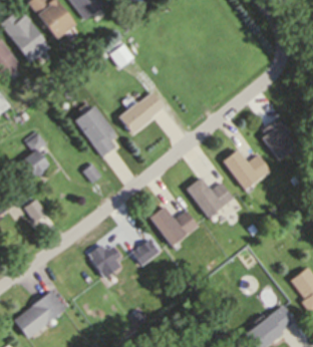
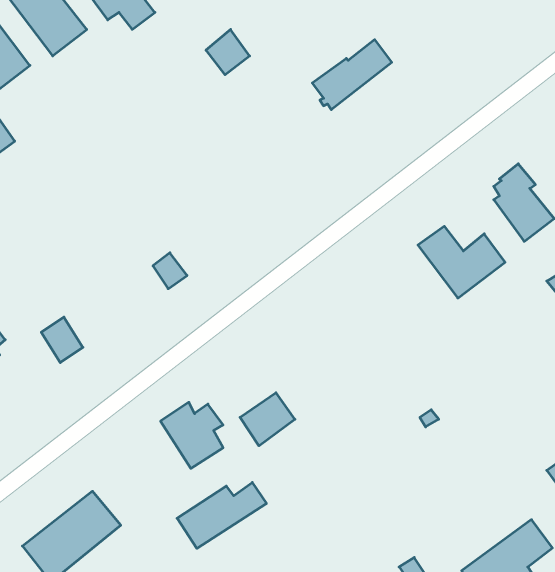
building: [120,93,163,130] -> [312,40,392,110]
building: [75,105,113,154] -> none
building: [19,134,50,179] -> none
building: [187,179,233,216] -> none
building: [149,207,197,244] -> none
building: none -> [177,482,266,548]

